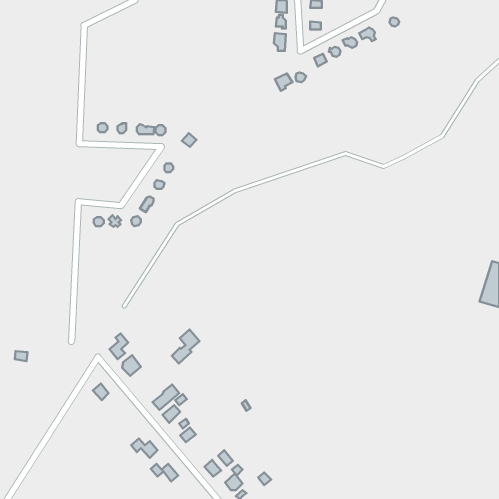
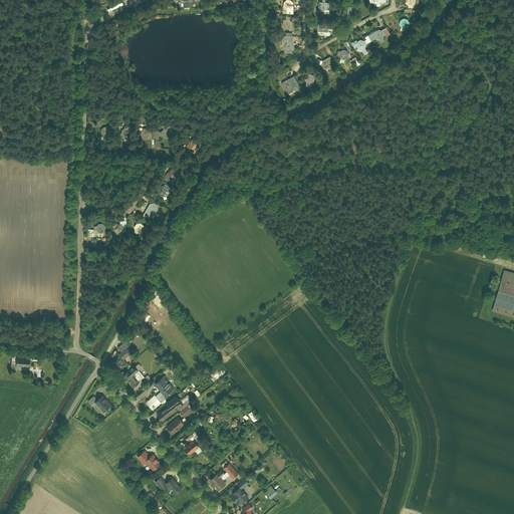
building: [172,329,199,364] -> [147,375,175,411]

